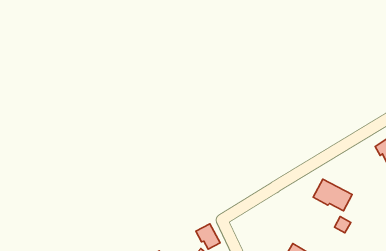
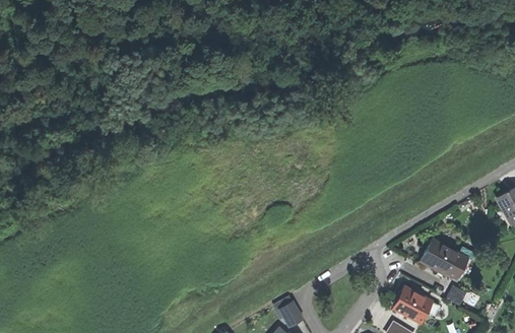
building: none -> [393,287,432,323]

